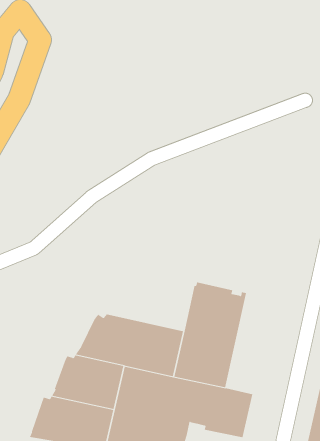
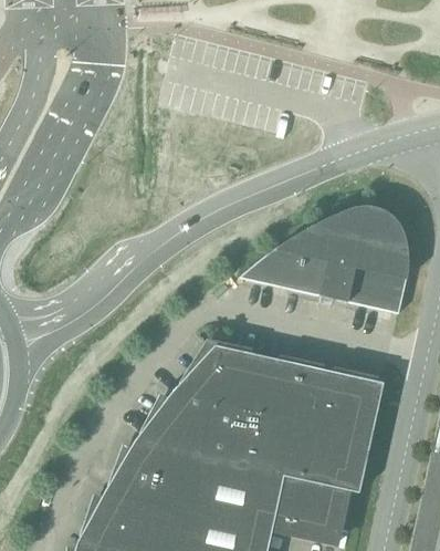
building: none -> [239,207,408,315]
building: none -> [170,341,276,416]
building: none -> [315,370,383,495]

